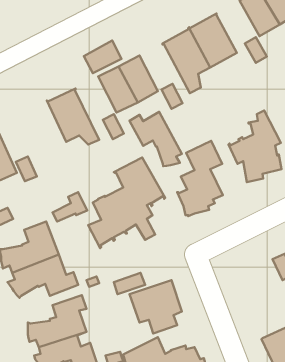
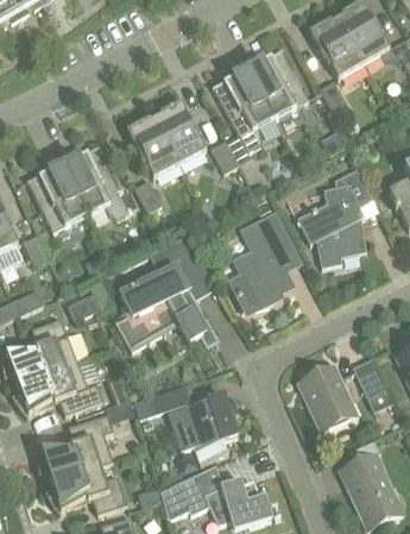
building: [84,41,122,73] -> none
building: none -> [26,161,87,231]
building: [129,112,182,166] -> none
building: none -> [299,365,355,429]

